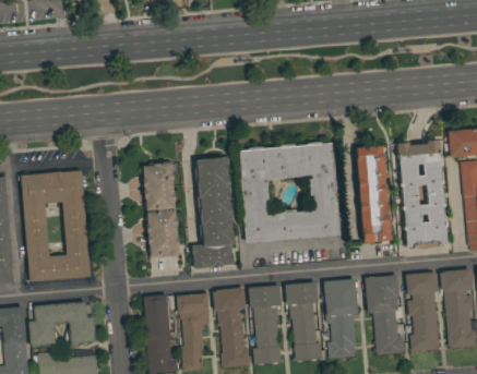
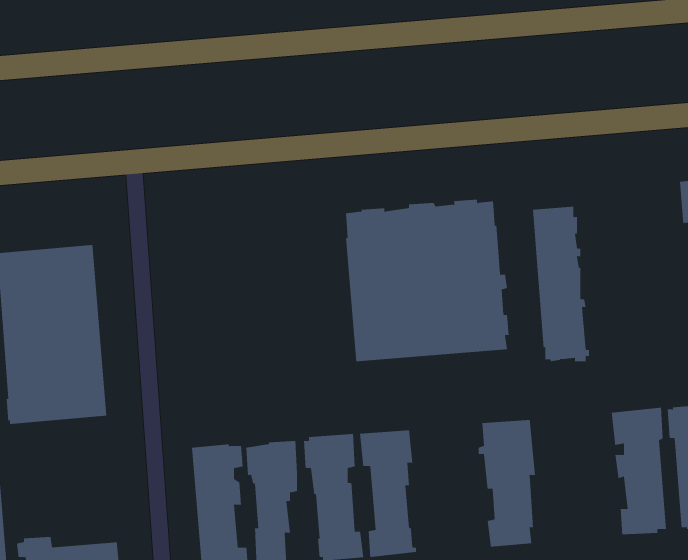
building: [397,141,446,250] -> none
building: [192,156,236,269] -> none
building: [142,161,179,257] -> none
building: [365,275,404,354] -> none
building: [285,282,323,362] -> none
building: [28,301,96,347] -> none

